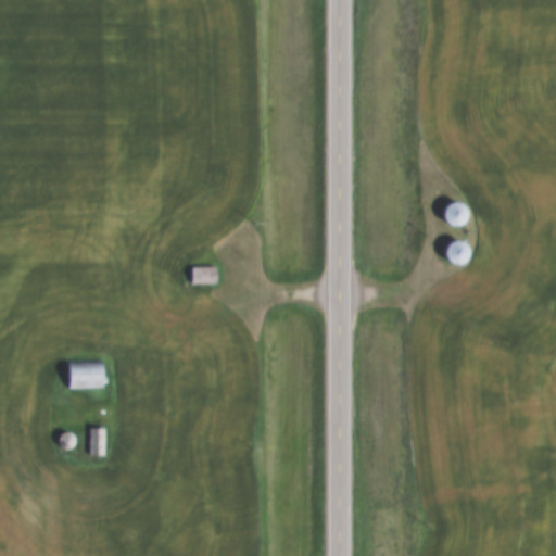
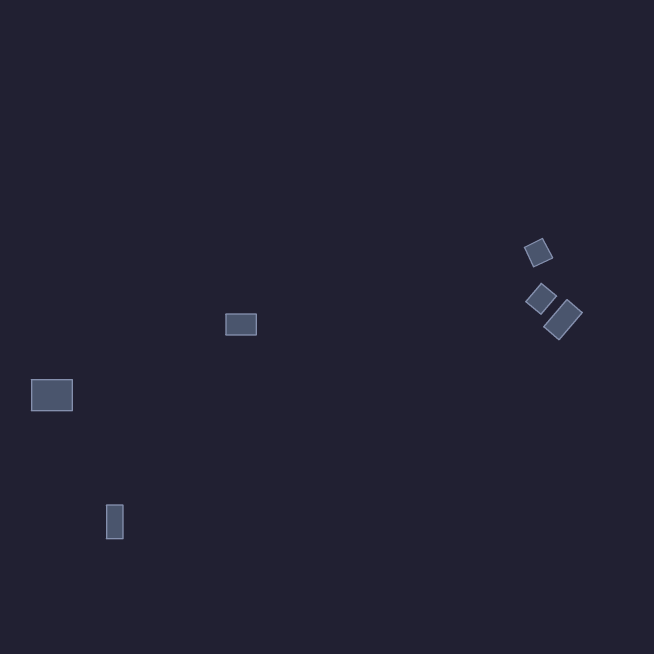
building: none -> [544,300,582,340]
building: [68,362,103,388] -> [31,380,72,411]

